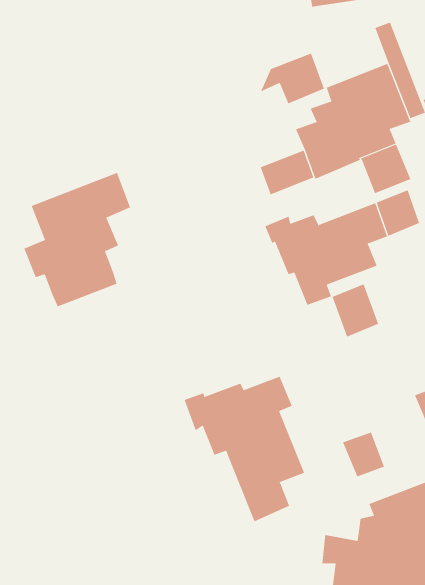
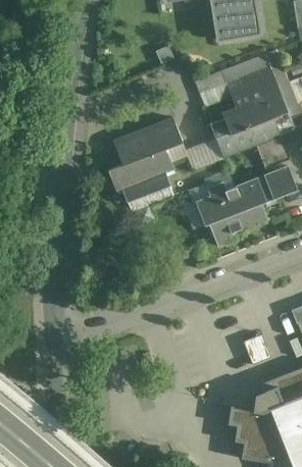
building: none -> [221,54,274,96]
building: [24,172,131,307] -> [108,118,183,212]
building: [332,283,379,337] -> none
building: [184,376,305,522] -> none

